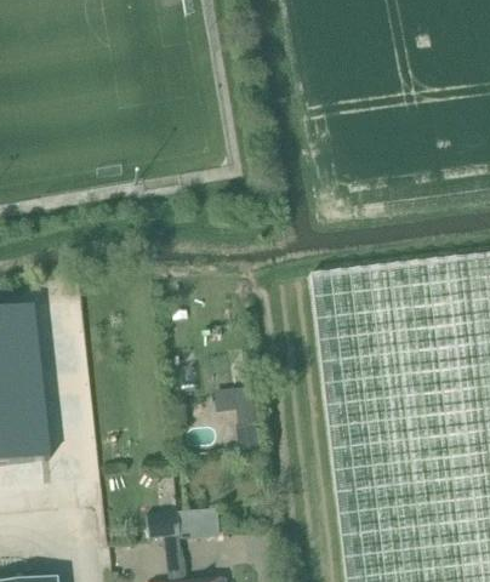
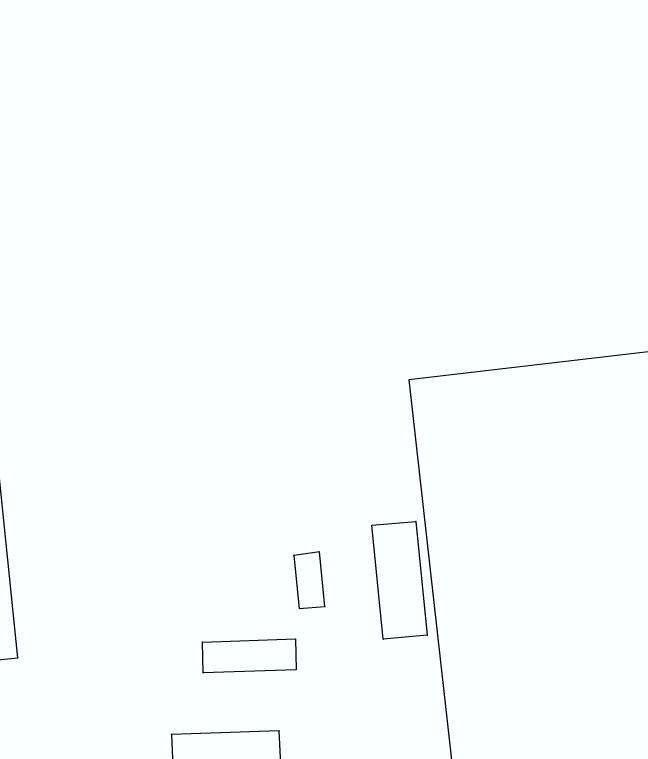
building: none -> [372,521,427,639]
building: none -> [202,639,296,673]

